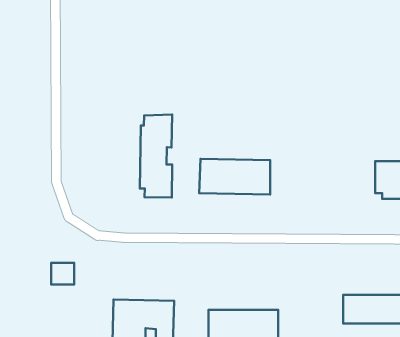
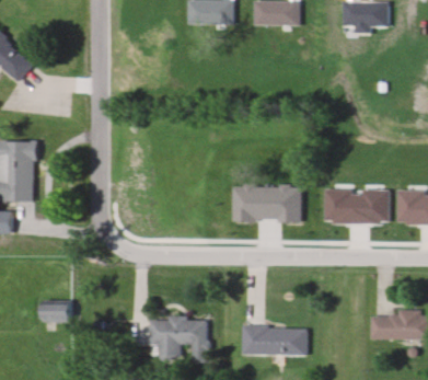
building: [140,114,172,198] -> none
building: none -> [326,186,390,222]
building: [51,263,74,285] -> [46,301,68,322]

